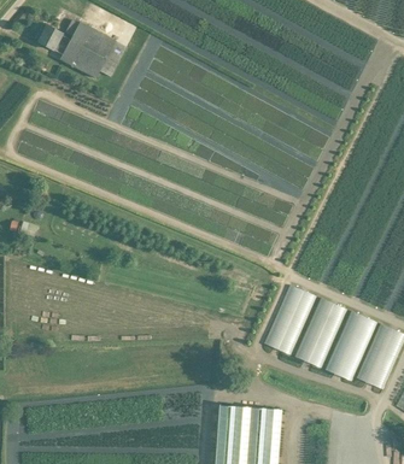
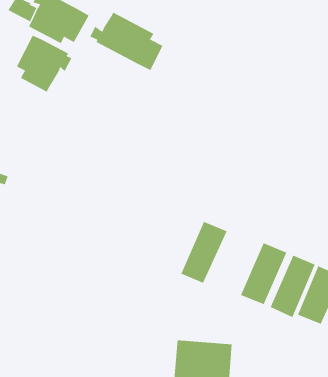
building: none -> [90,12,163,71]
building: none -> [16,35,72,92]
building: [263,284,315,353] -> [181,221,227,284]

